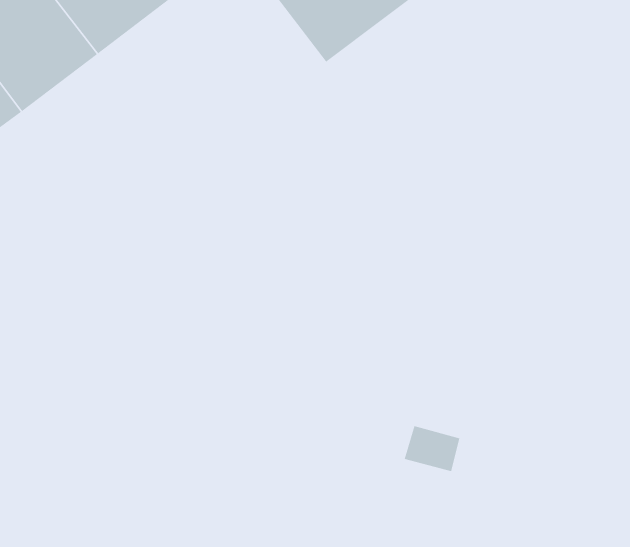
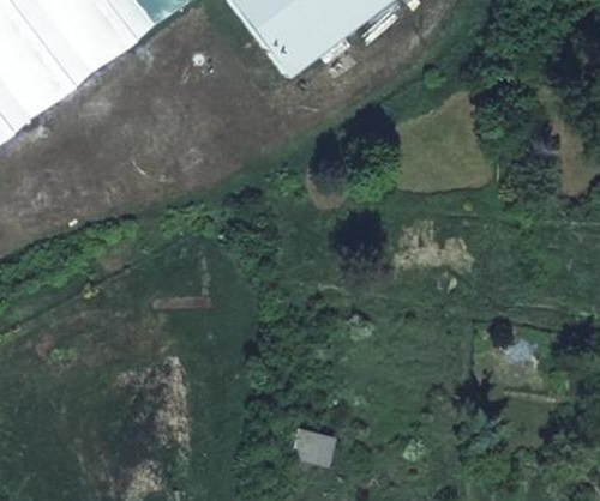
building: [404,425,460,472] -> [289,427,337,466]

